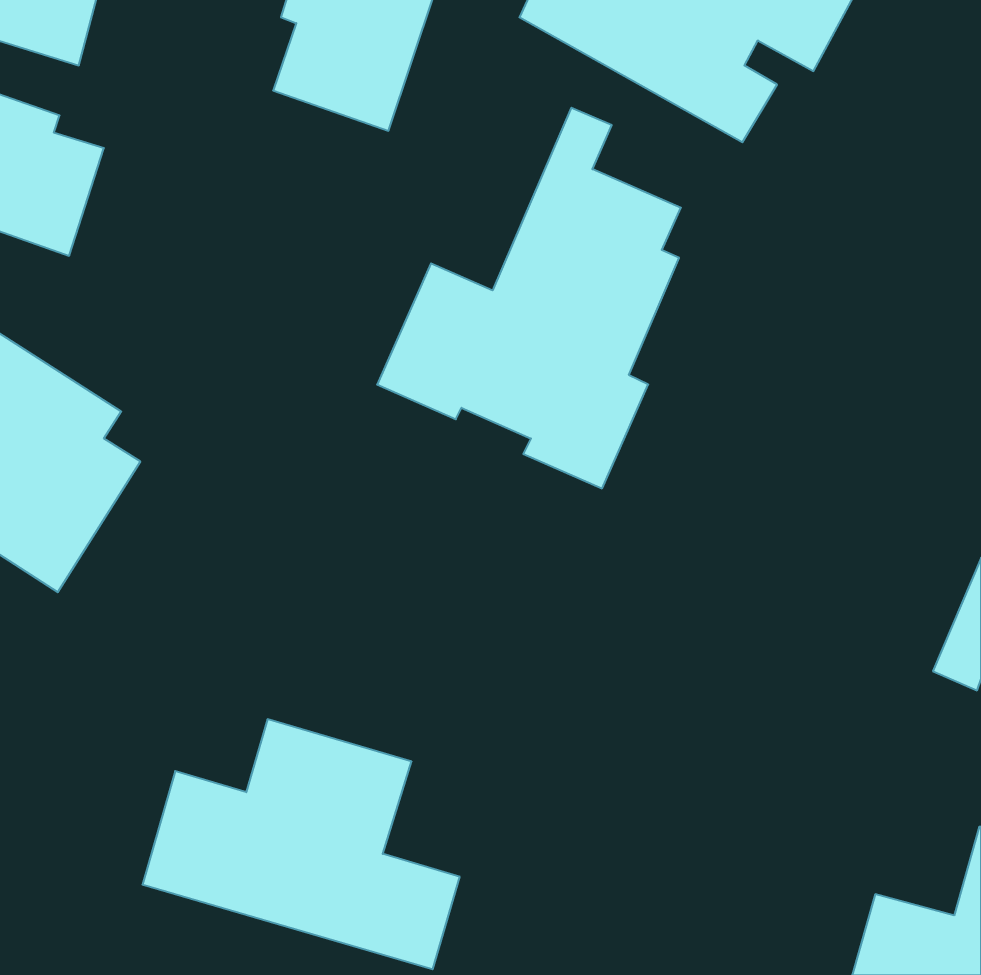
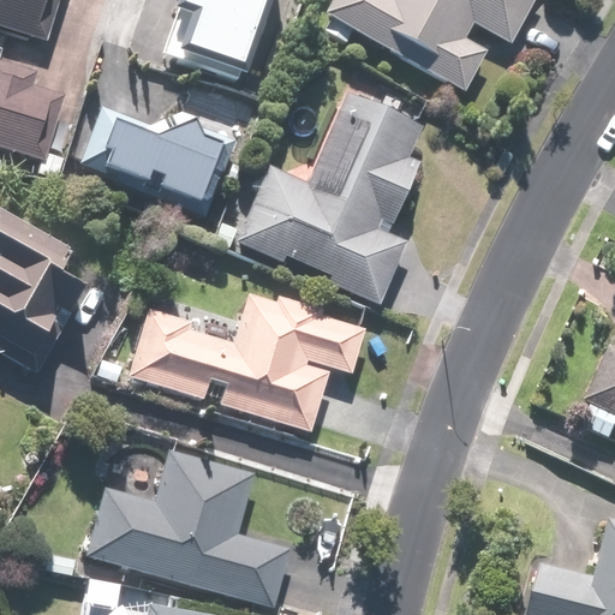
building: none -> [79,105,235,214]
building: none -> [126,294,363,431]

